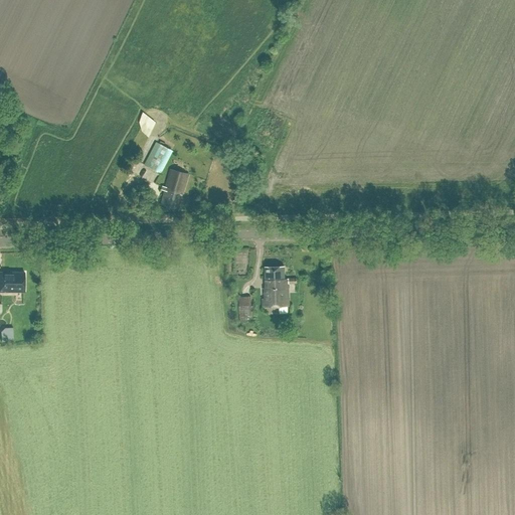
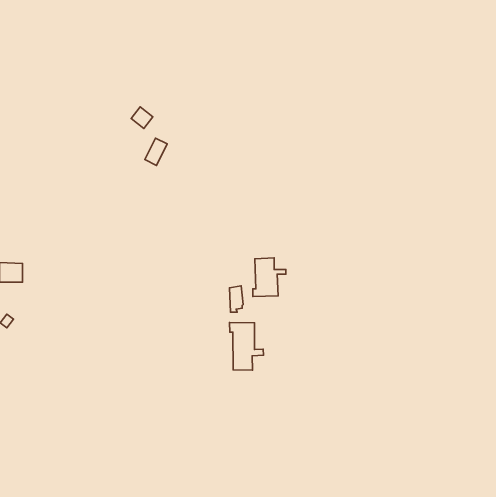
building: [159,169,187,208] -> none
building: none -> [229,323,264,370]

